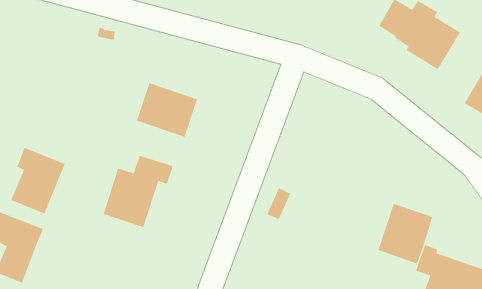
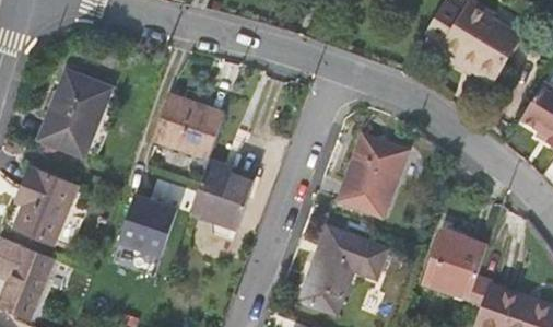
building: none -> [39,71,109,155]
building: none -> [338,133,407,217]
building: none -> [191,160,254,227]
building: none -> [299,226,387,314]

